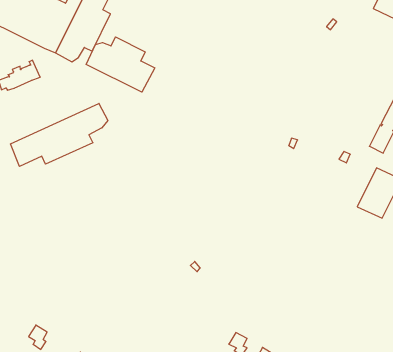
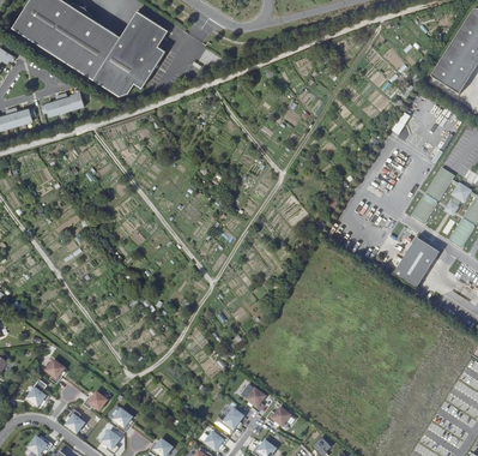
building: [86,37,155,92] -> none
building: [11,103,108,166] -> none

